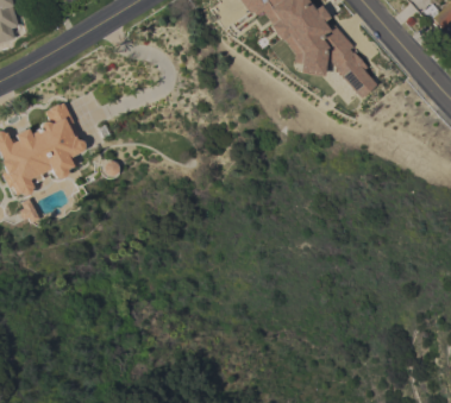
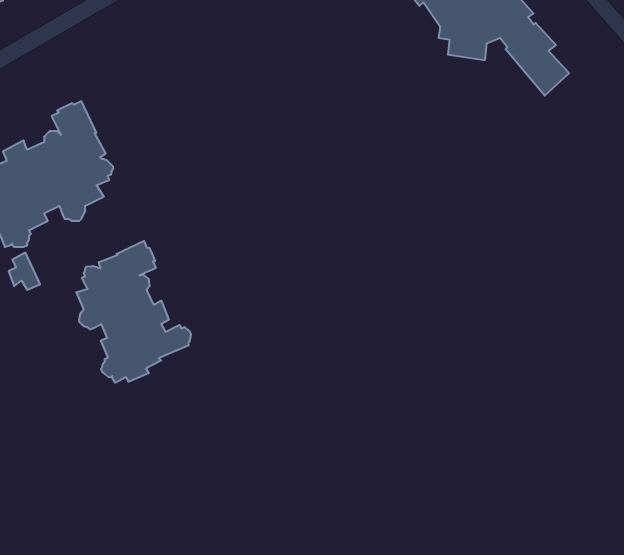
building: none -> [76,241,191,383]

